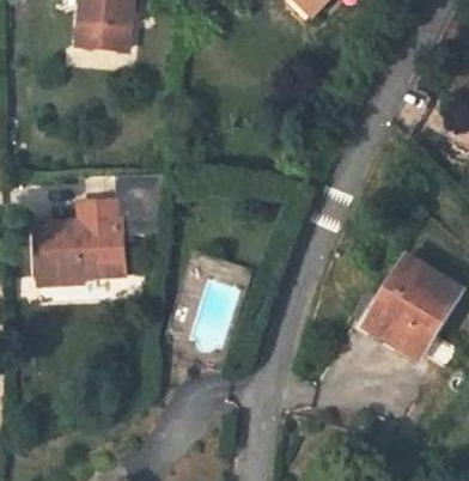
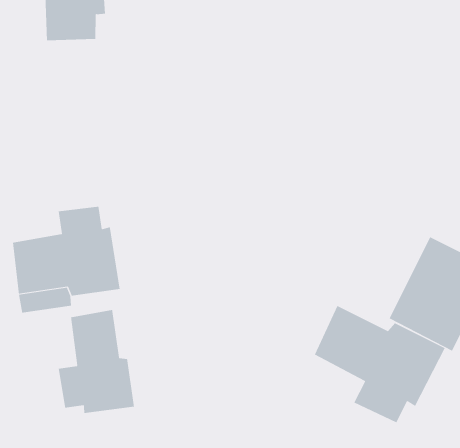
building: none -> [58,309,135,414]
building: none -> [314,305,445,423]

